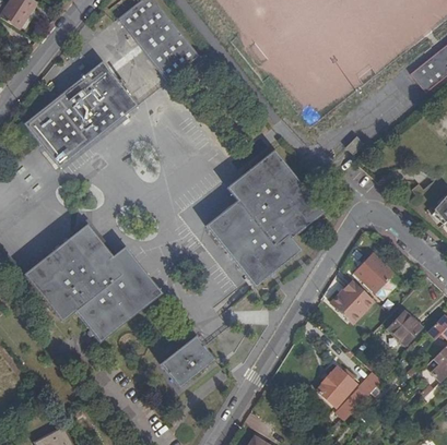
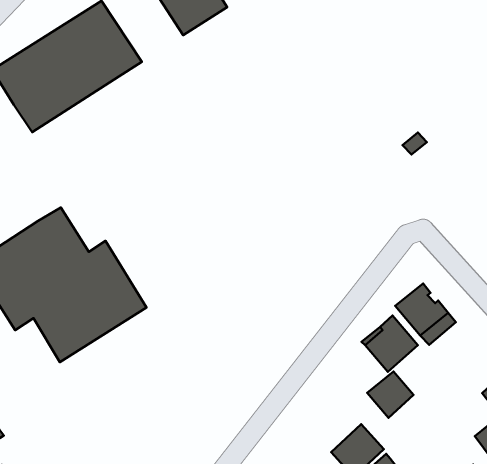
building: [205,149,325,288] -> none
building: [386,310,422,346] -> [367,372,414,418]
building: [160,335,215,388] -> none

